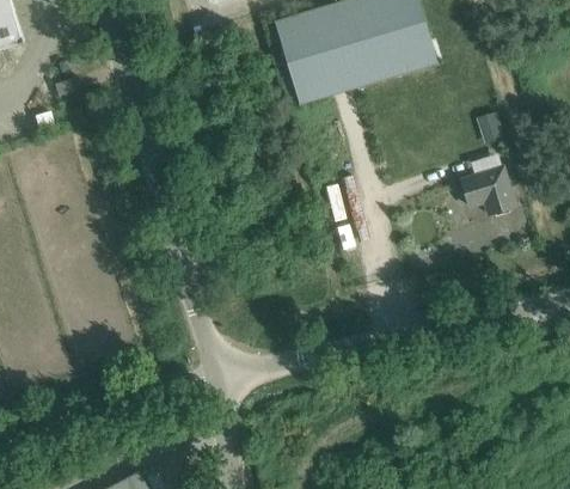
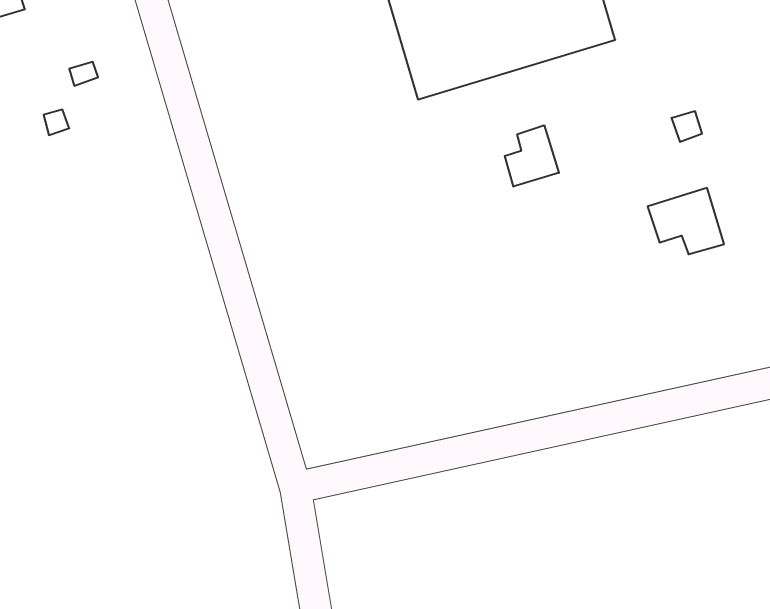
building: none -> [505,125,559,187]

